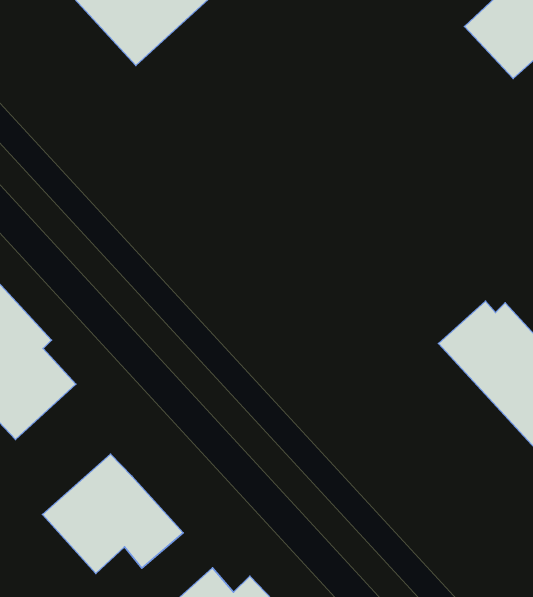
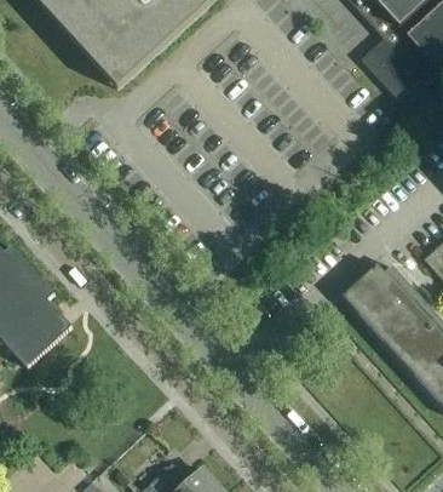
building: [43,454,183,573] -> none

